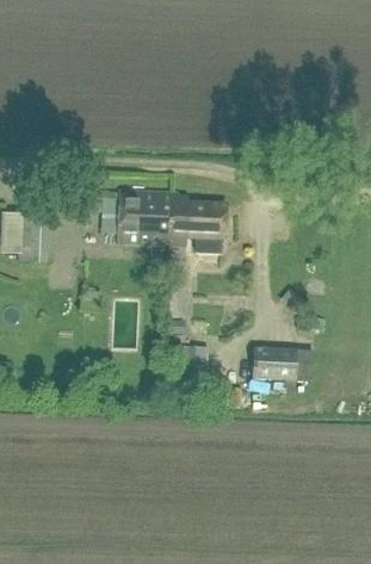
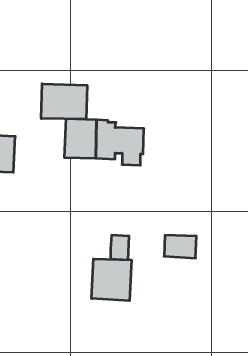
building: none -> [41,84,87,119]
building: none -> [92,259,131,301]

